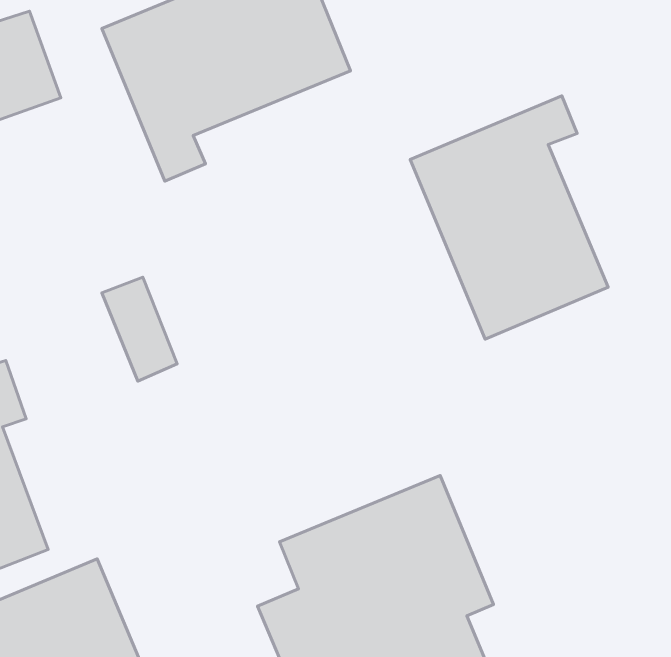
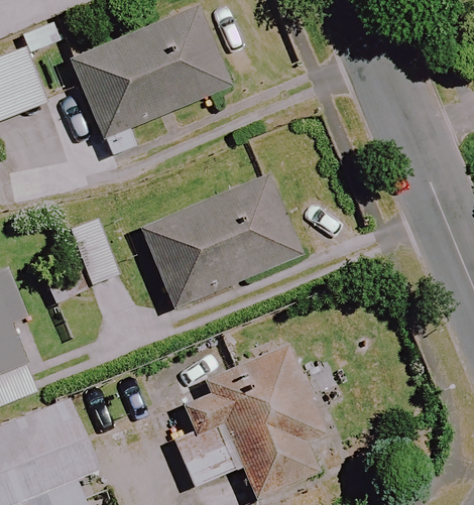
building: [410,96,608,339] -> none
building: none -> [141,174,303,307]

